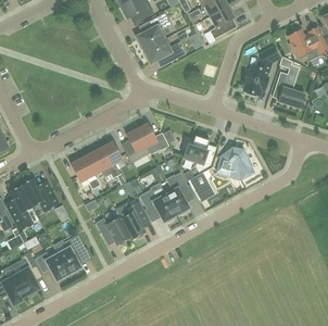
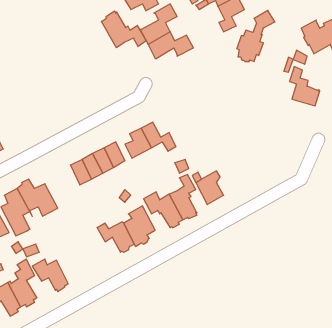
building: none -> [101,11,146,48]
building: [243,47,279,95] -> [237,10,275,61]
building: [184,135,213,172] -> none
building: [217,147,253,179] -> none
building: [58,234,86,274] -> none

